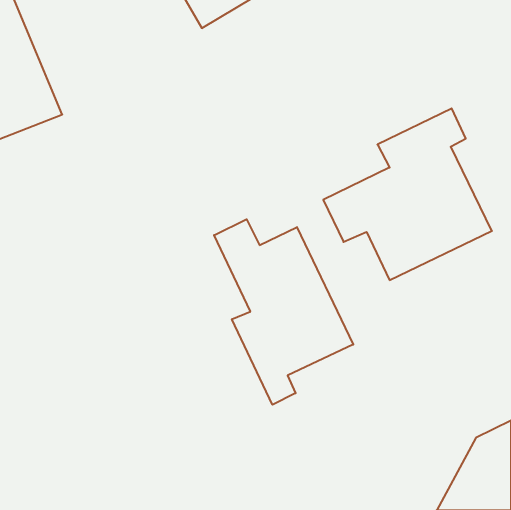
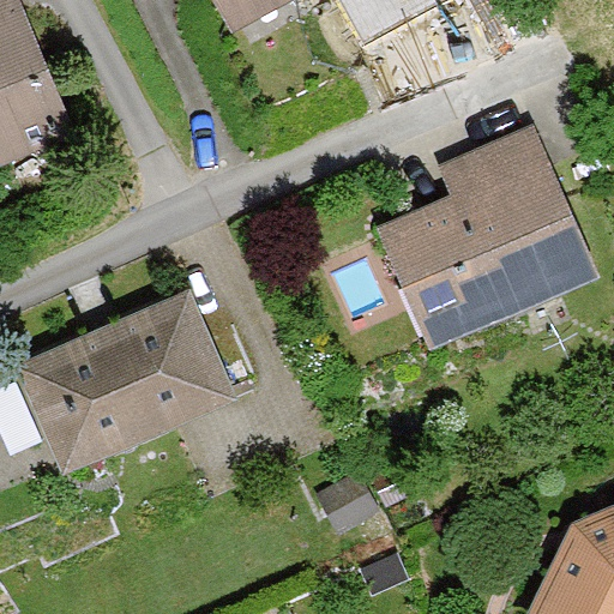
building: [214,219,353,405] -> none
building: none -> [20,297,234,472]

